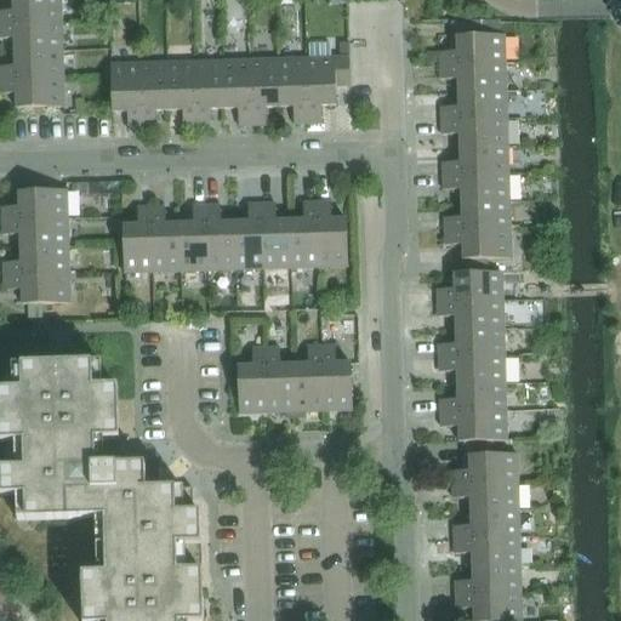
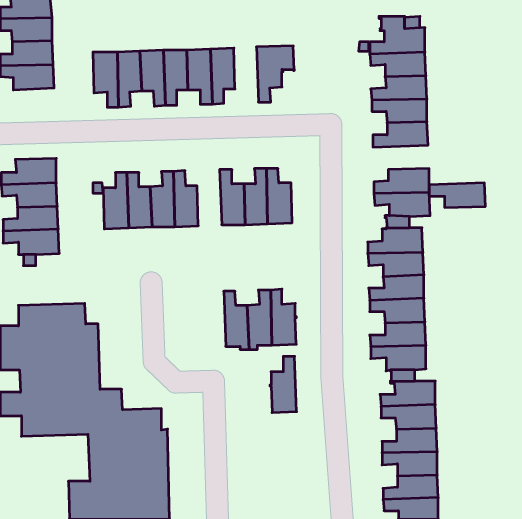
building: [278,56,307,123] -> none
building: [443,172,509,201] -> [429,183,485,207]
building: [234,201,263,268] -> none
building: [237,346,268,412] -> [270,356,297,413]

